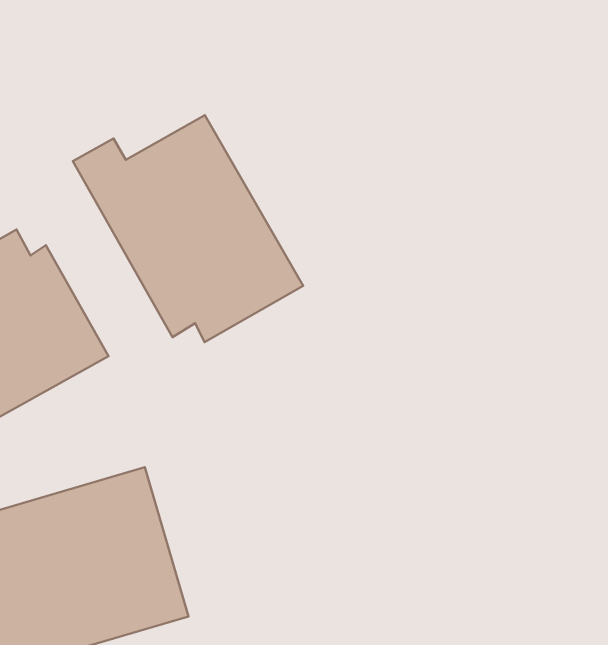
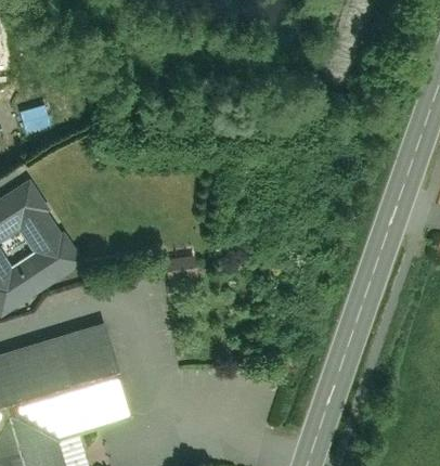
building: [73,115,303,342] -> none

